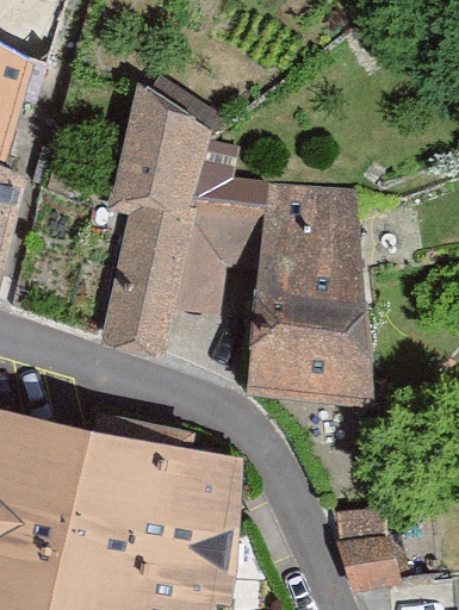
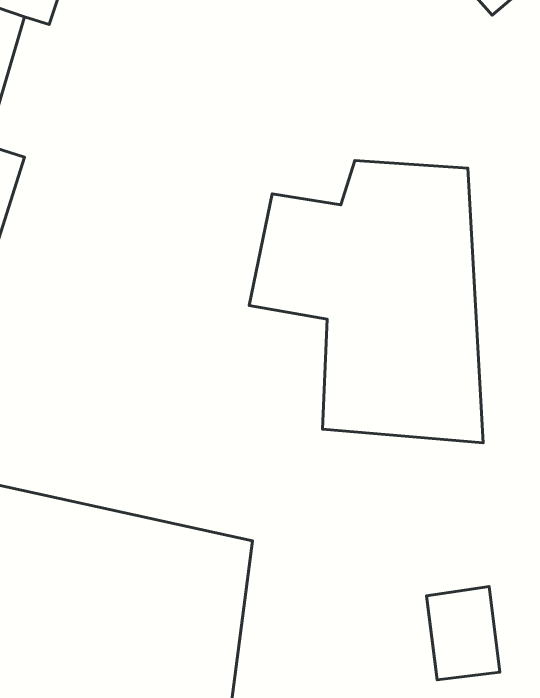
building: [126,106,243,342] -> none

